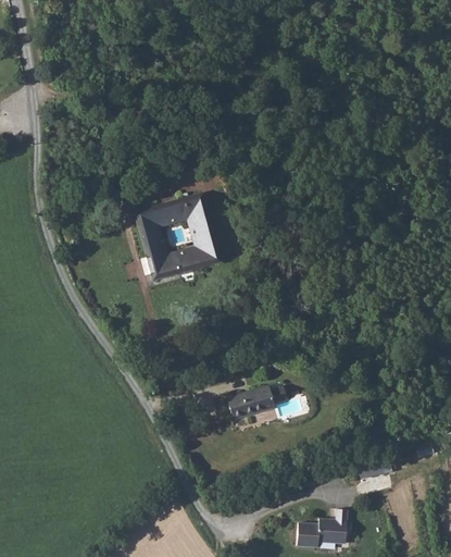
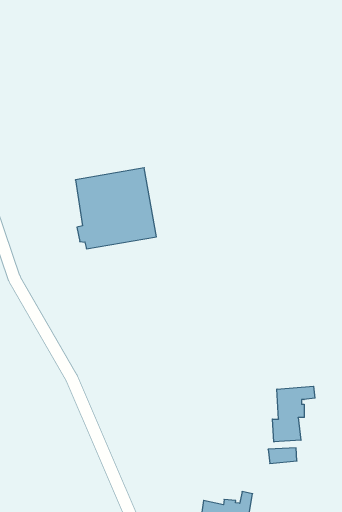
building: [226,381,288,420] -> none
building: none -> [272,386,315,442]

